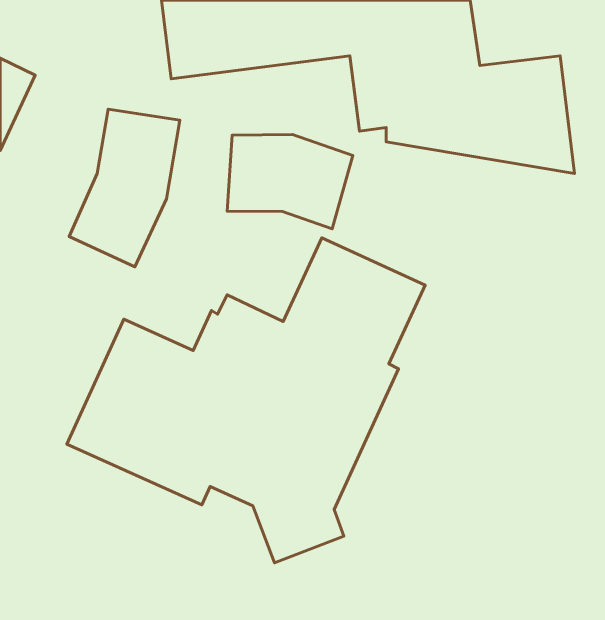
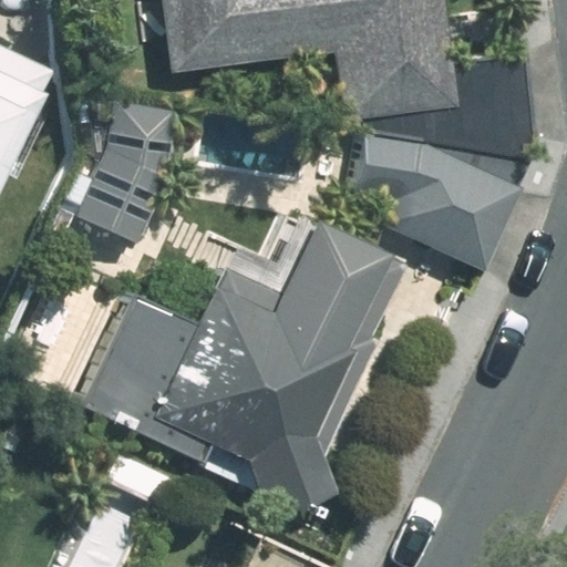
building: [227,134,353,229] -> none
building: none -> [354,134,530,270]

